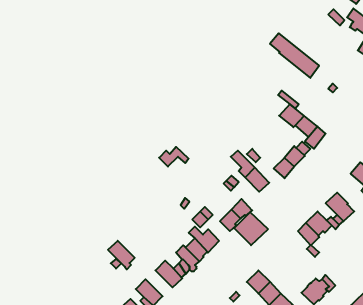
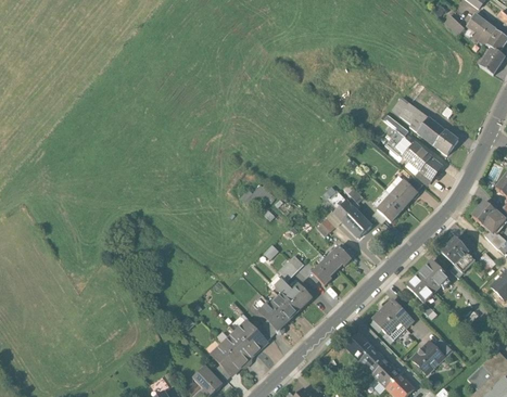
building: [270,33,319,78] -> [397,101,457,155]
building: [234,212,268,245] -> [372,299,414,340]
building: [108,241,135,269] -> [223,332,255,367]

